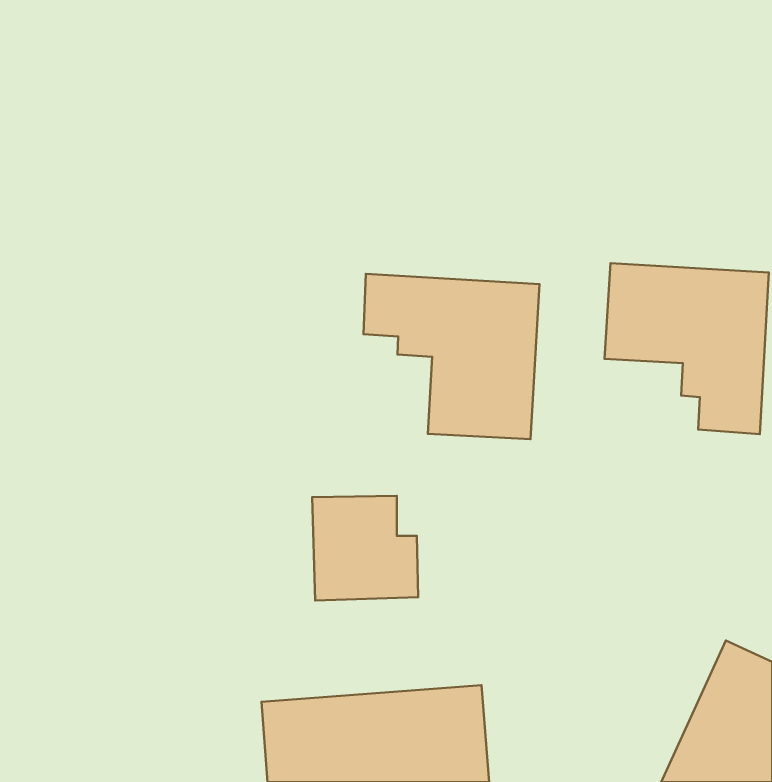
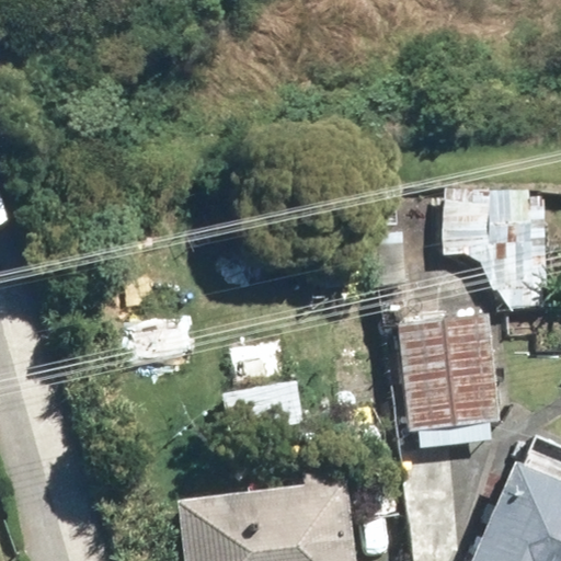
building: [364,274,539,439] -> none
building: none -> [400,323,502,448]

